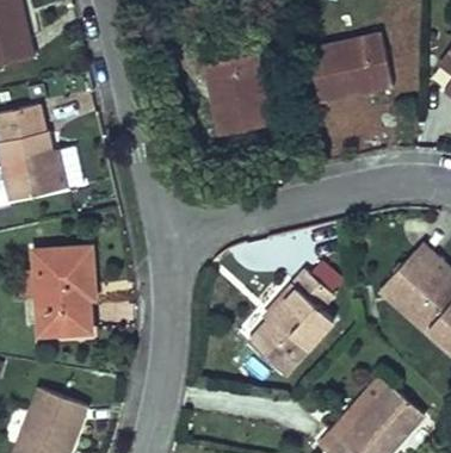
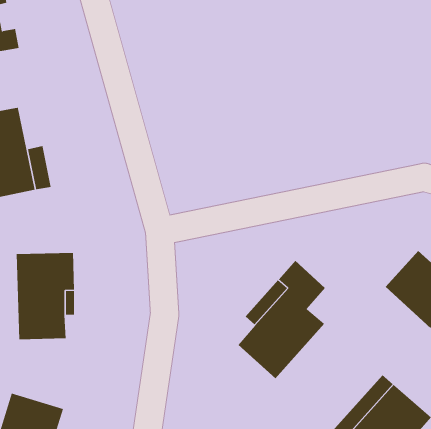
building: [305,32,394,104] -> none
building: [196,50,268,135] -> none

